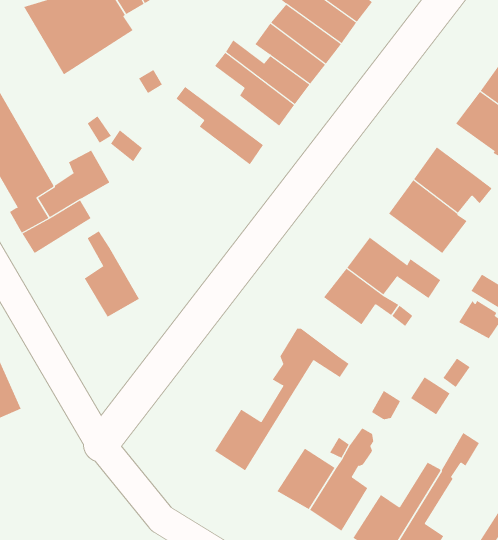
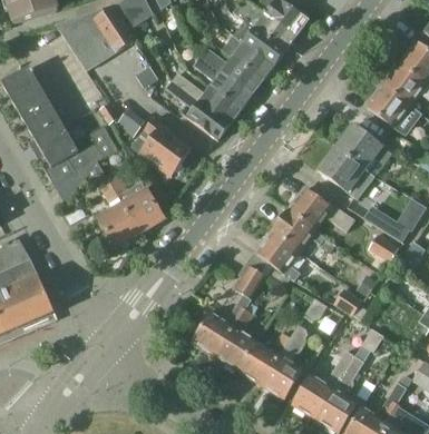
building: none -> [172,71,240,121]
building: none -> [131,116,191,172]
building: none -> [110,176,164,231]
building: none -> [255,230,301,279]
building: none -> [215,299,259,369]

